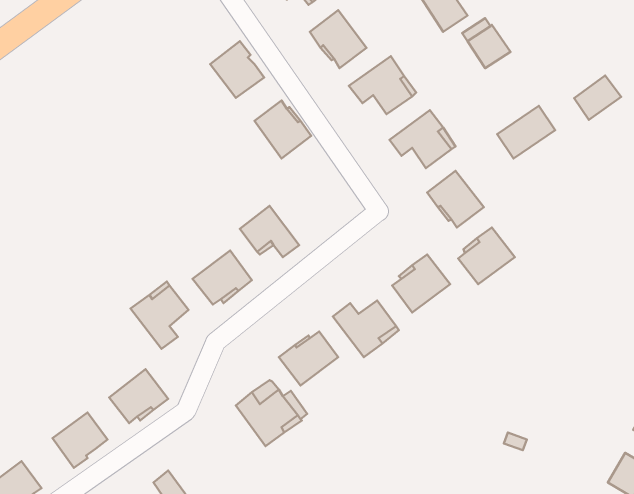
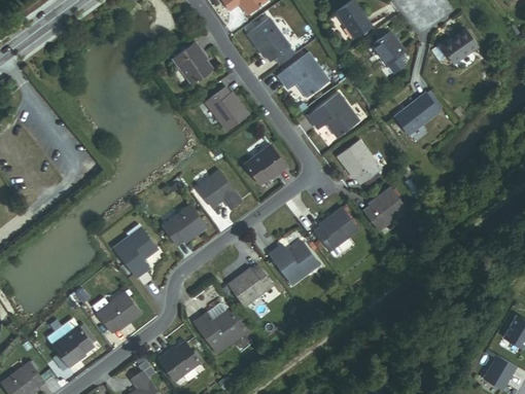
building: [574,75,621,120] -> [441,31,477,65]
building: none -> [244,142,287,182]
building: none -> [157,341,201,381]

